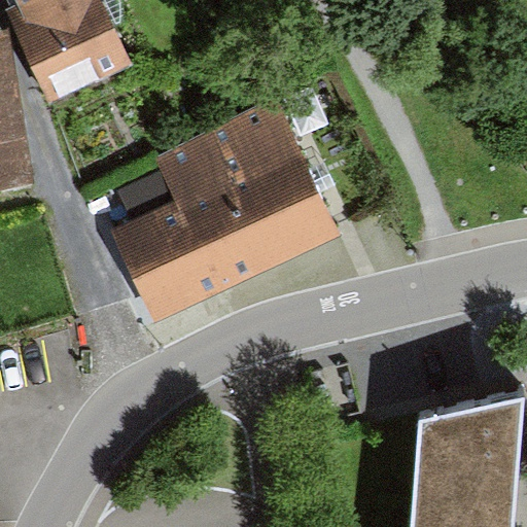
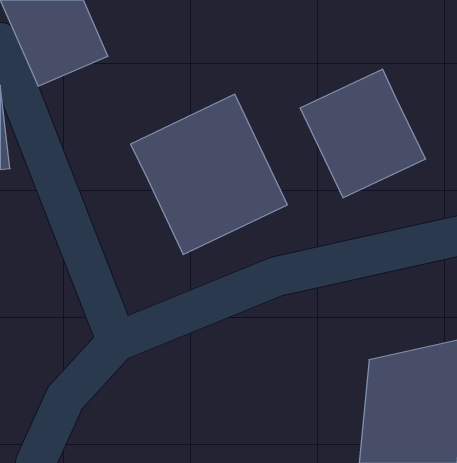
building: none -> [300,69,425,198]
building: [111,204,215,319] -> none

